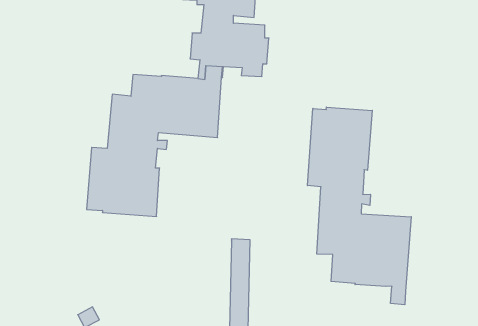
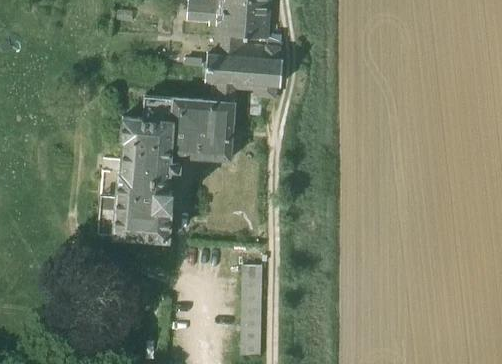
building: [308,107,411,305] -> none

